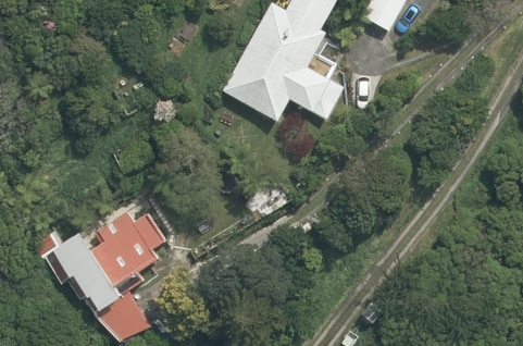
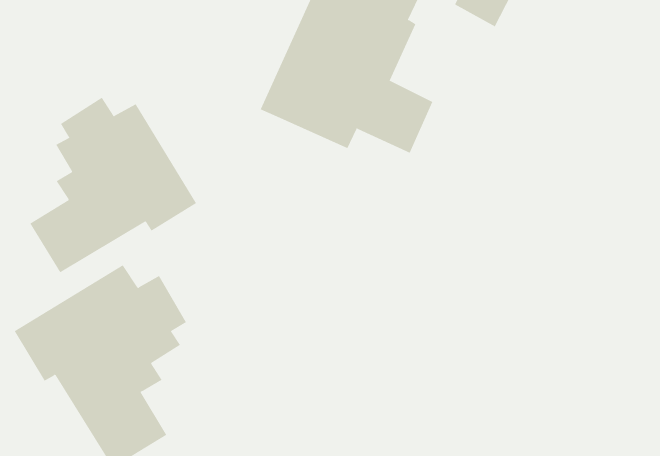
building: none -> [30,97,197,273]

